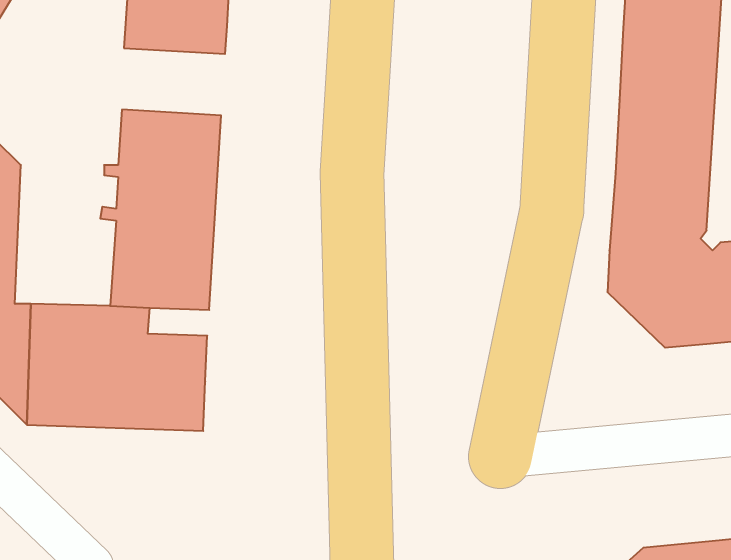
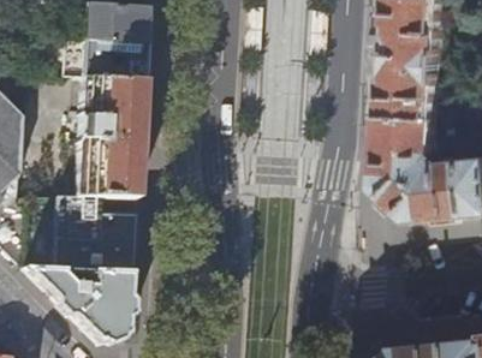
building: none -> [69,42,142,83]
building: none -> [22,270,129,345]

